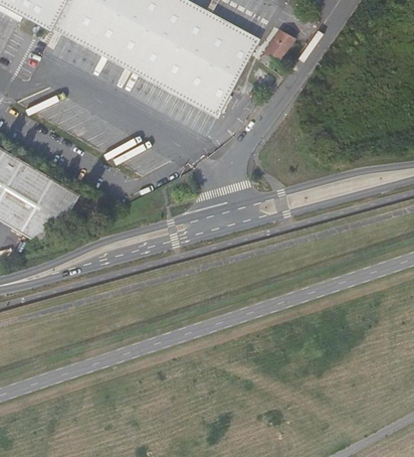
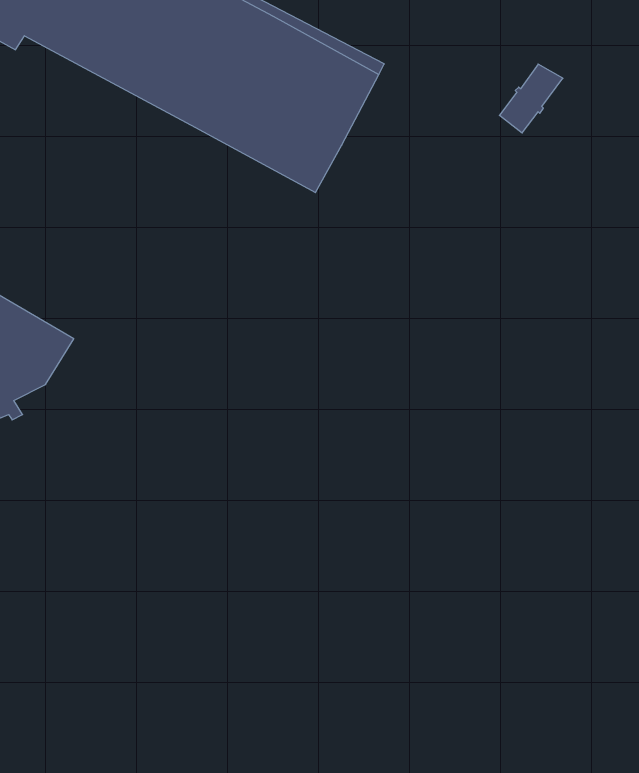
building: [257,30,293,69] -> [499,64,563,133]

